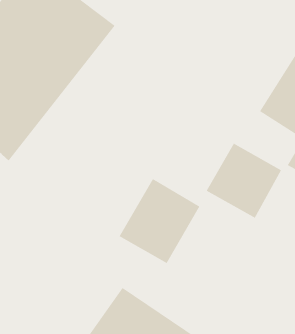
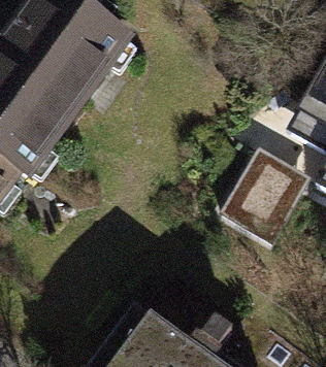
building: [119,178,200,264] -> none

